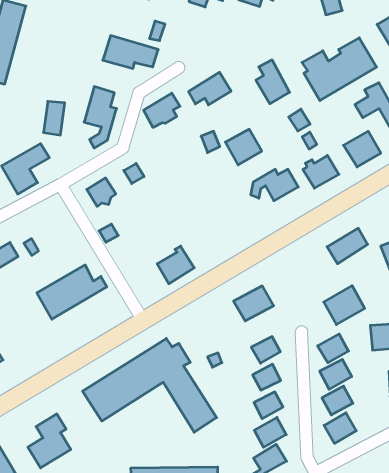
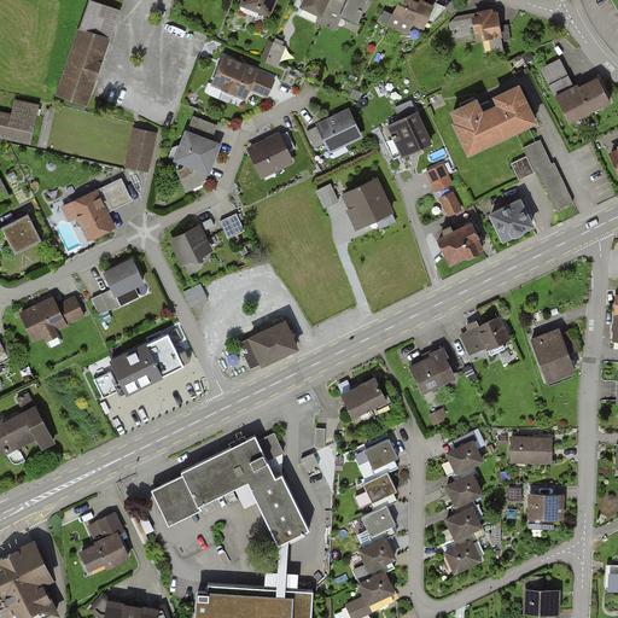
building: [251,169,298,201] -> none
building: none -> [106,260,144,295]
building: [324,286,365,325] -> [409,346,459,392]

